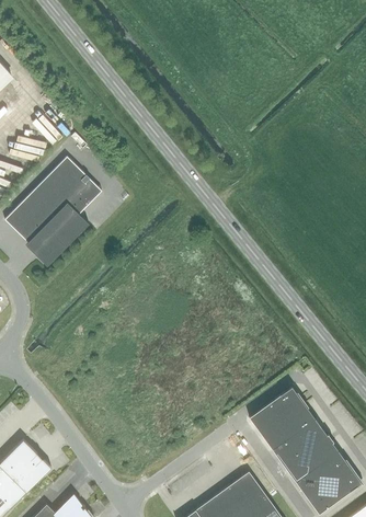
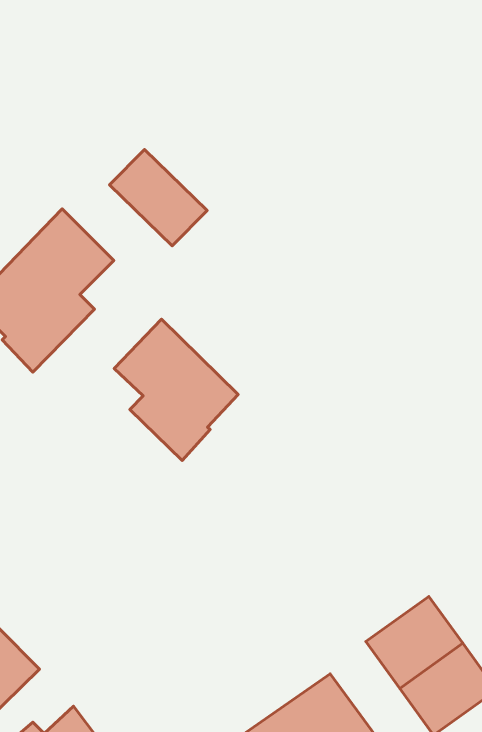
building: none -> [110,149,207,246]
building: none -> [114,319,238,460]
building: [249,387,314,450] -> none

